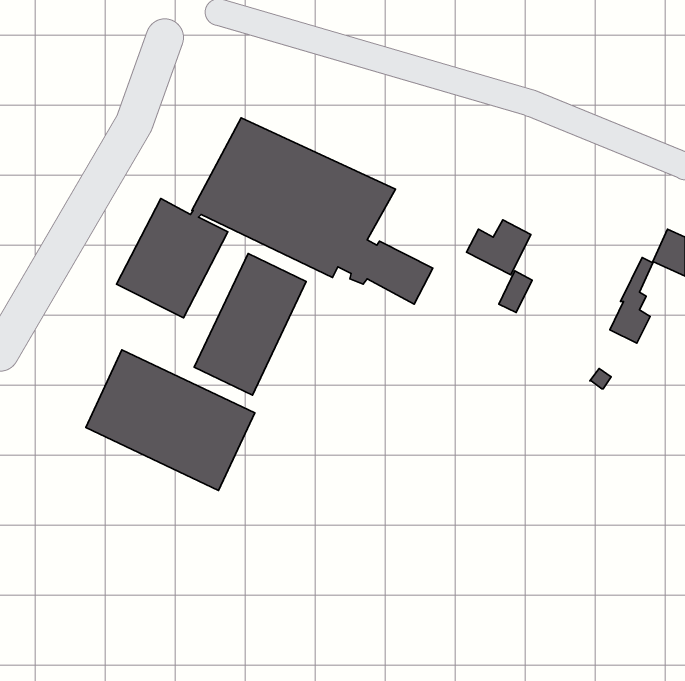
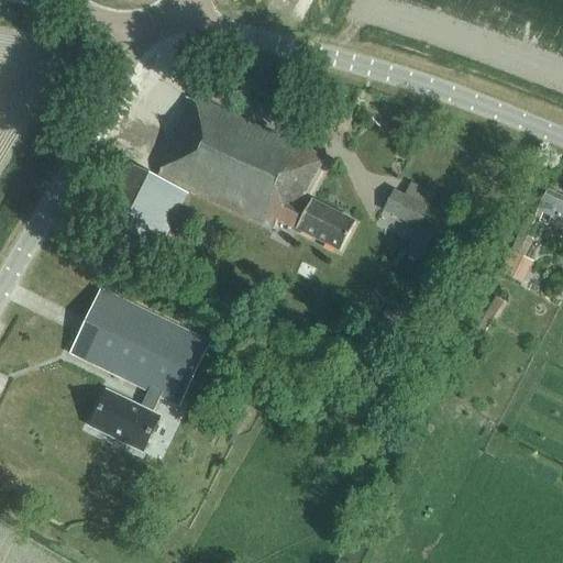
building: [194,253,306,395] -> none
building: none -> [90,389,161,450]

